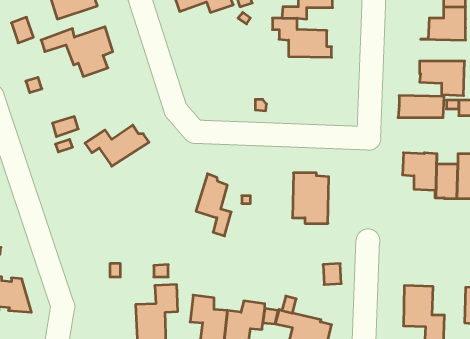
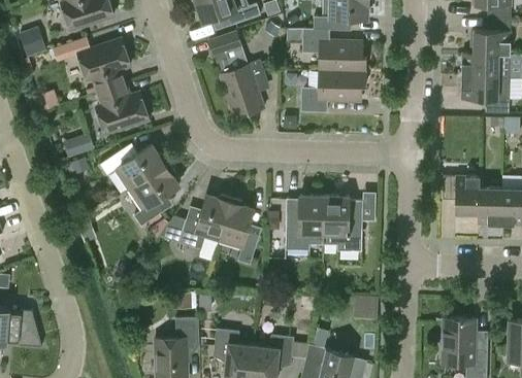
building: none -> [209,34,264,114]
building: none -> [301,71,366,112]
building: none -> [97,83,149,135]
building: [398,96,444,118] -> [461,53,511,76]
building: none -> [129,164,180,227]
building: none -> [175,195,232,249]
building: none -> [286,196,325,250]

